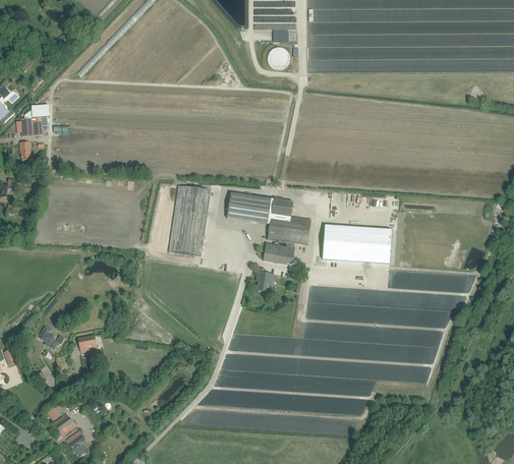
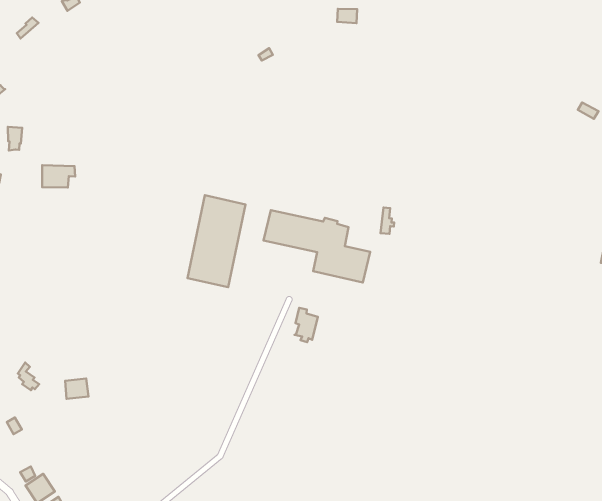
building: [20,117,47,135] -> [42,165,75,188]
building: [322,229,391,263] -> none
building: [262,242,294,264] -> none

